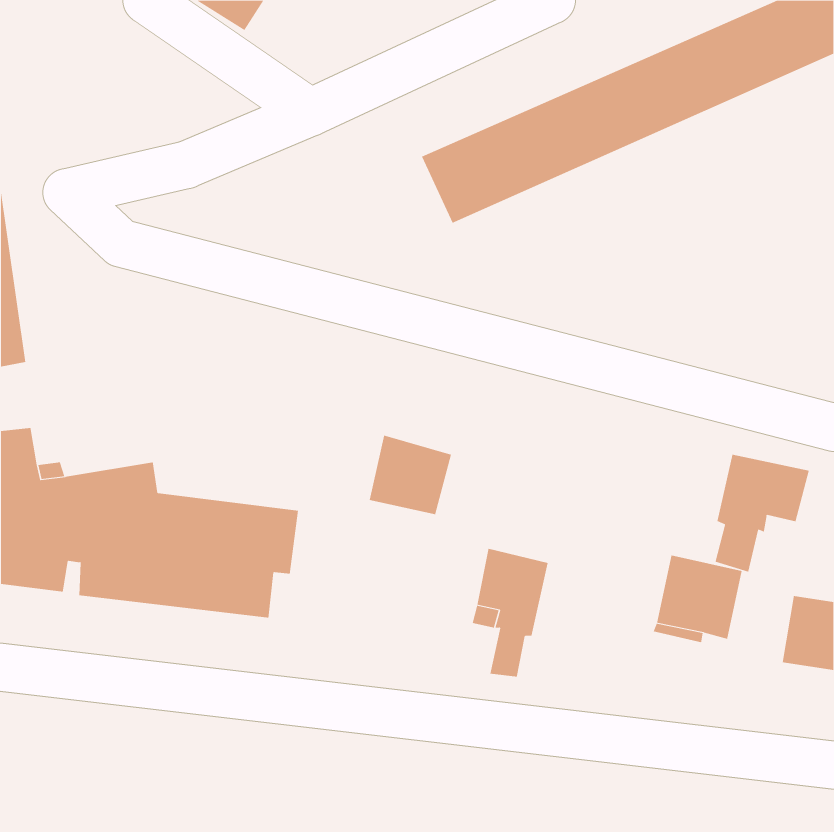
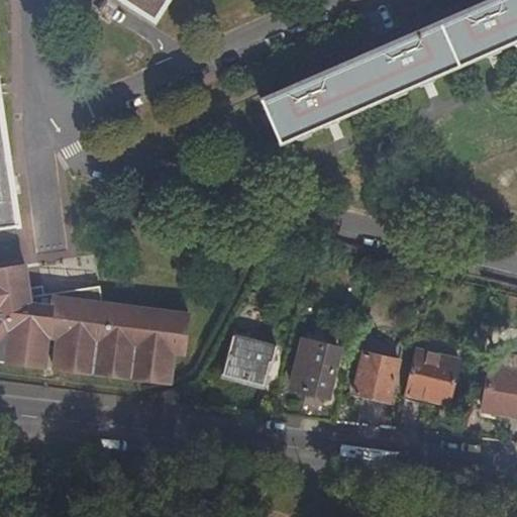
building: [369,435,452,515] -> [222,335,274,385]
building: [715,454,809,572] -> none
building: none -> [356,348,399,394]

